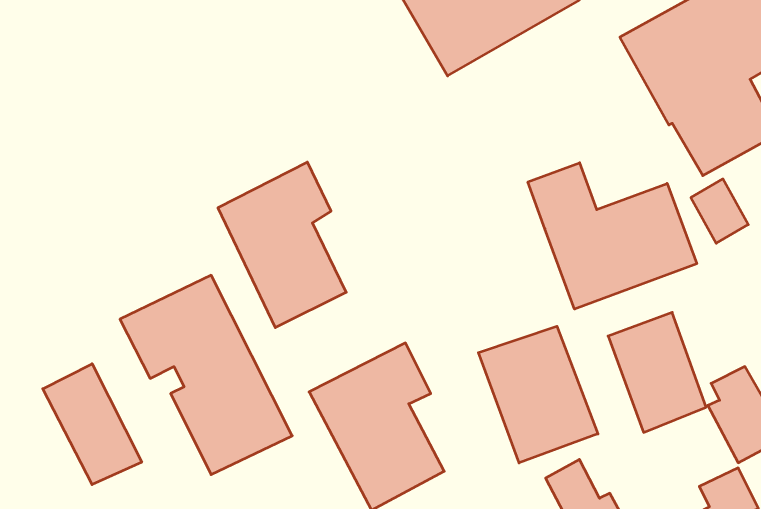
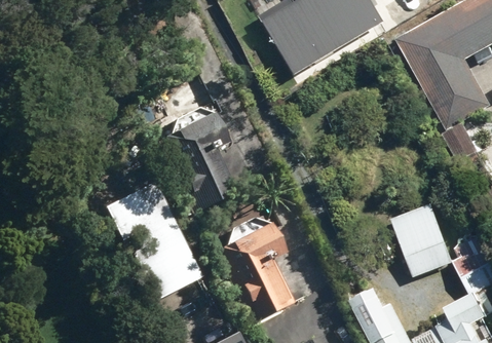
building: [528,163,697,309] -> none
building: [478,326,598,463] -> none
building: [43,364,142,485] -> none

